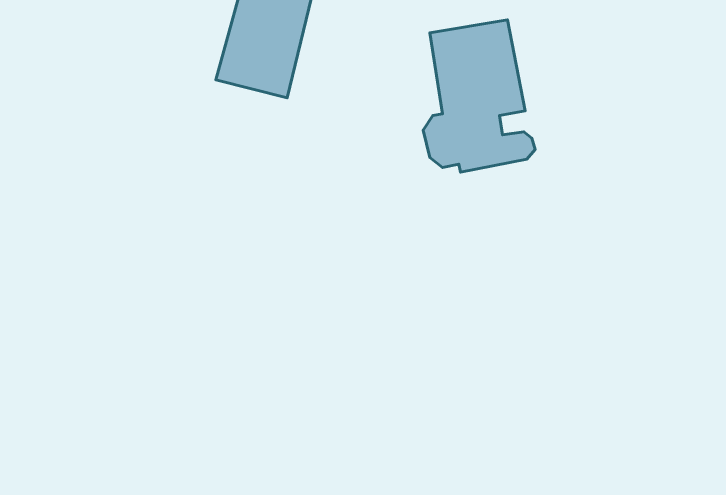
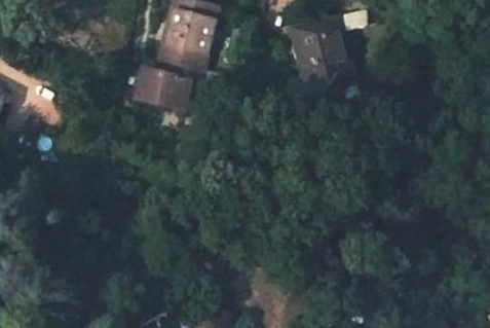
building: none -> [134,56,201,109]

